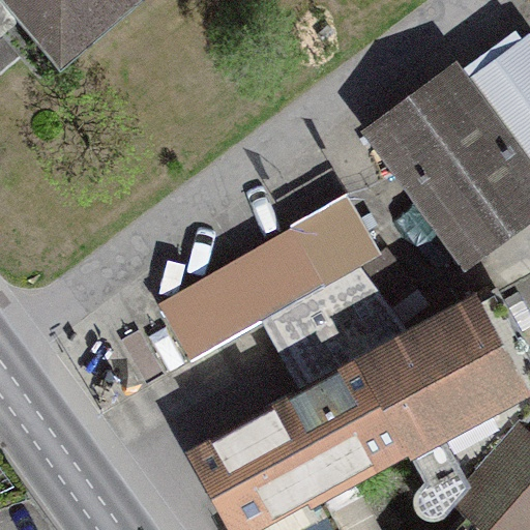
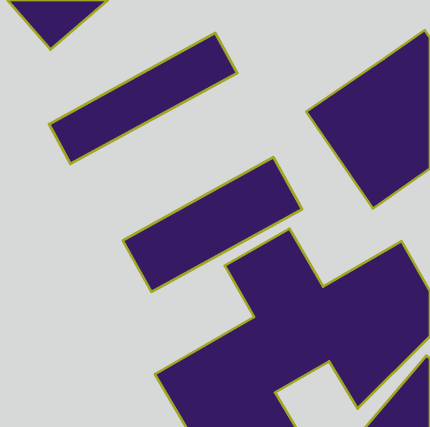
building: none -> [49,33,237,164]

